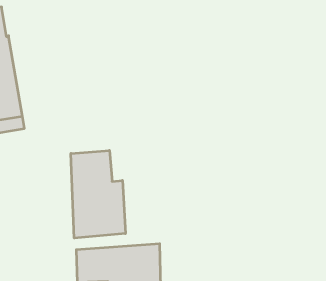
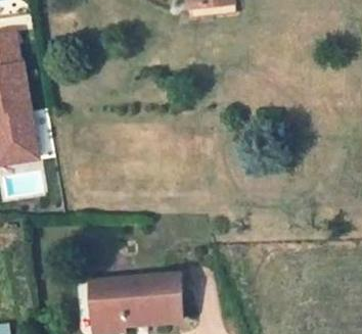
building: [71,150,125,238] -> none

